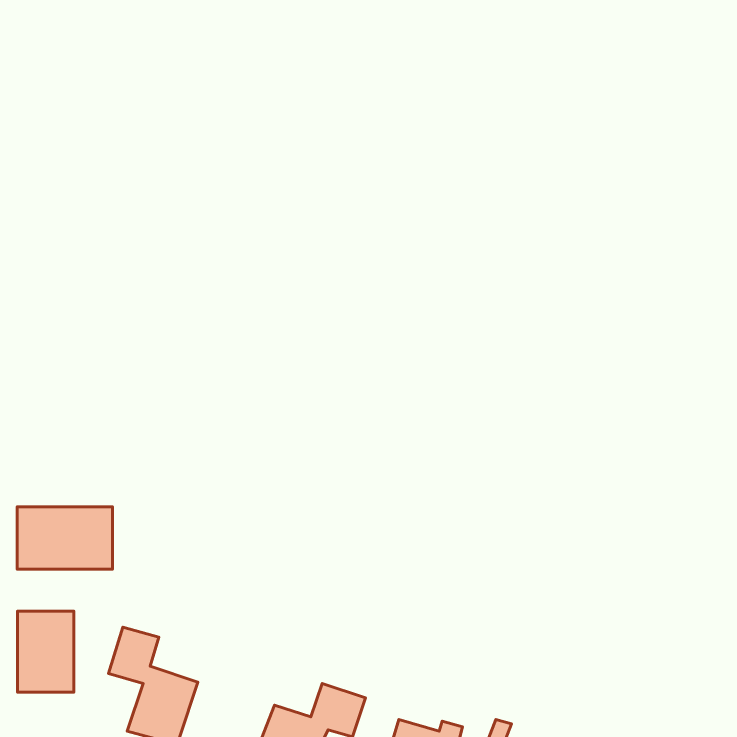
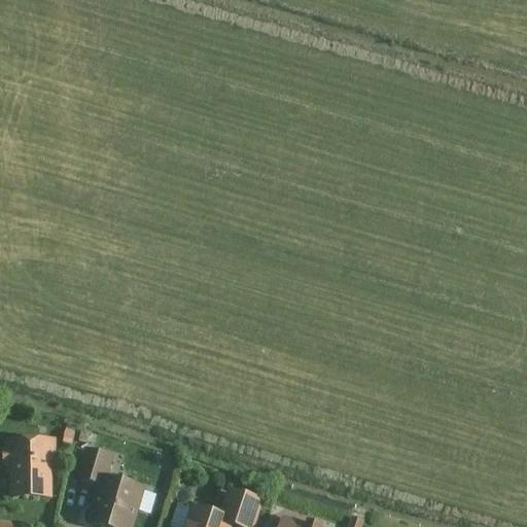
building: [17,507,112,569] -> none

